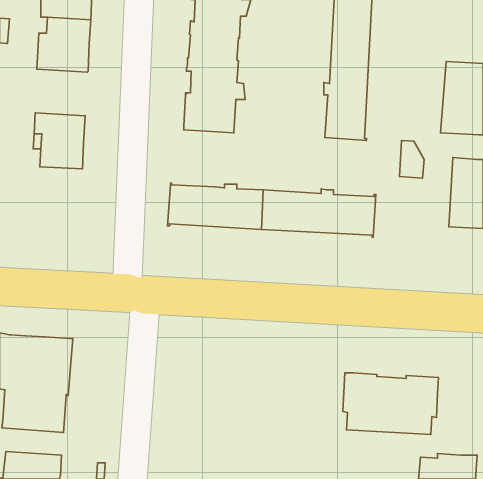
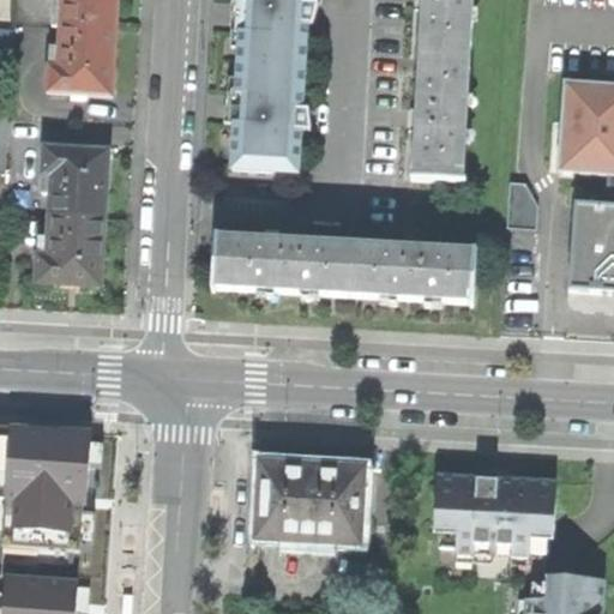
building: none -> [36,211,104,281]
building: none -> [257,460,362,546]

